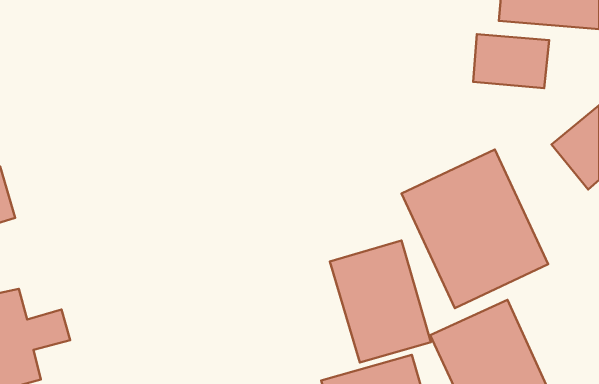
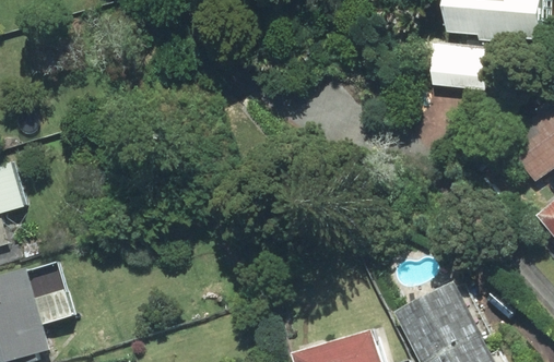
building: [402,150,548,308] -> none
building: [330,240,431,362] -> none

